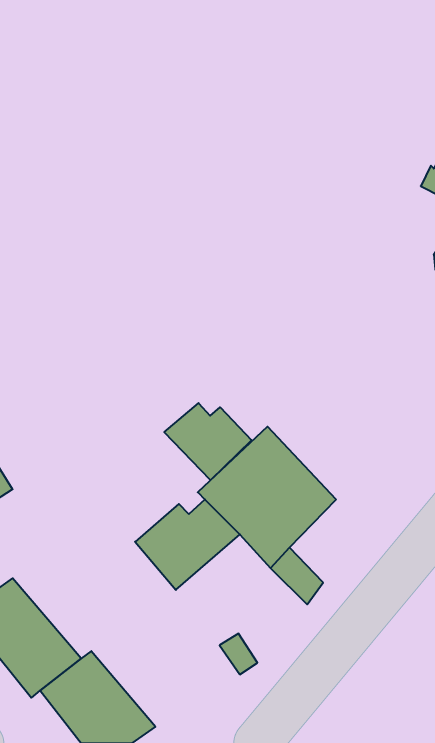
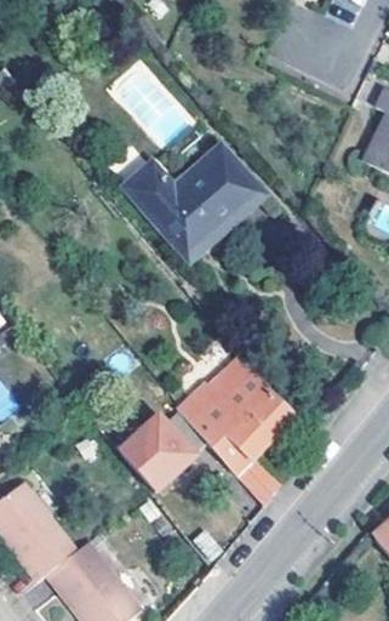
building: none -> [119,146,254,247]
building: [164,403,252,480] -> none

